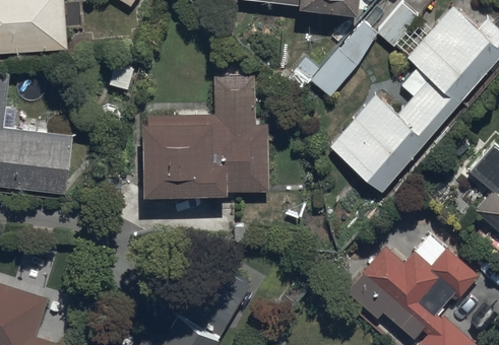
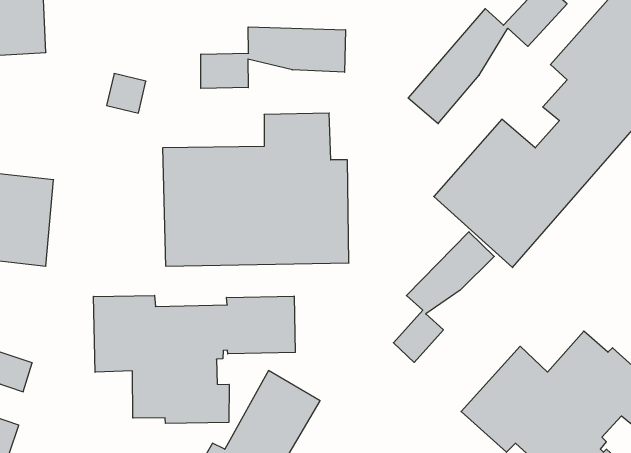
building: none -> [201,27,345,88]
building: none -> [393,232,494,362]
building: none -> [93,295,295,423]

